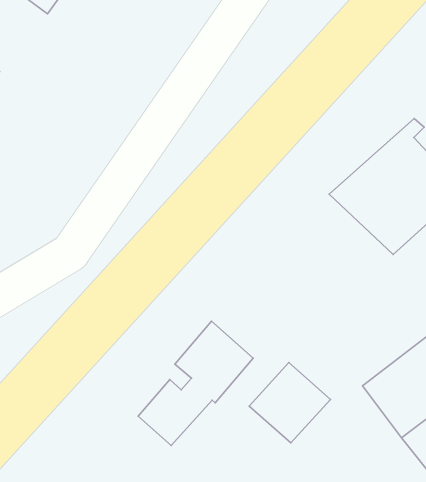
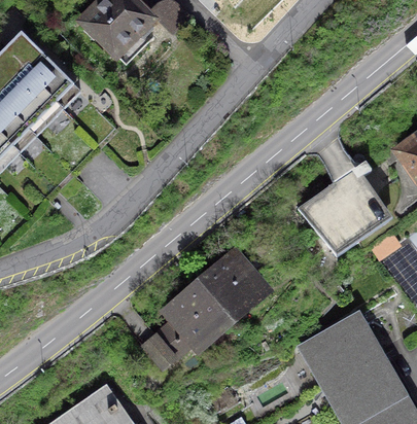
building: [249,363,330,443] -> [203,257,260,314]

